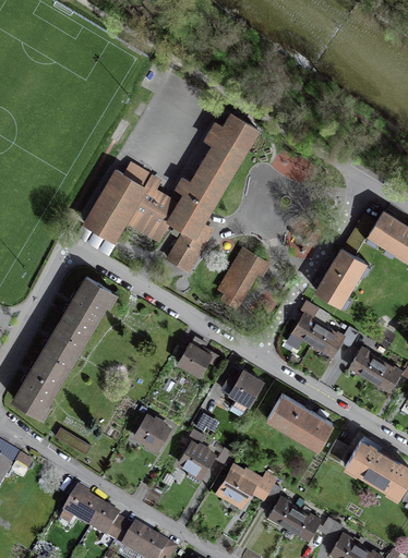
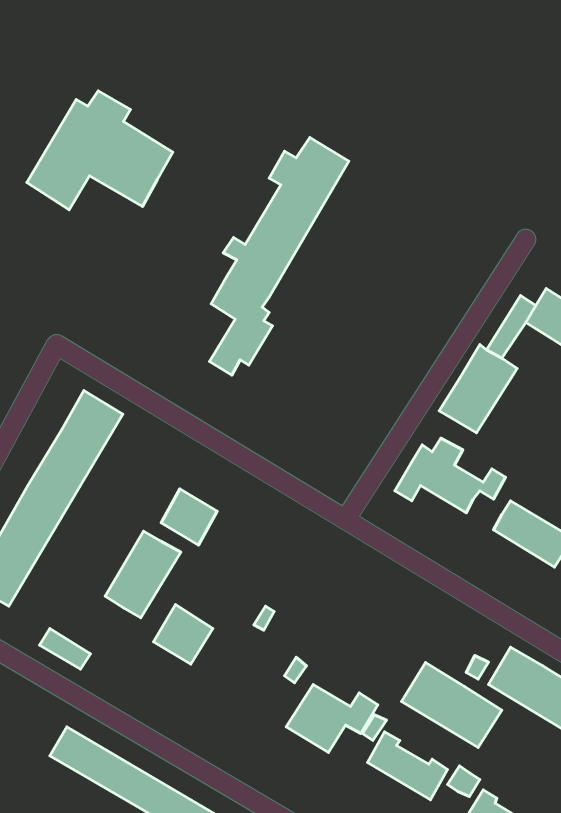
building: [84,166,178,242] -> [27,91,173,210]
building: [218,250,267,294] -> none
building: [177,342,213,378] -> [161,489,217,545]
building: none -> [105,531,181,618]
building: [221,373,260,412] -> none
building: [267,395,332,449] -> [402,663,502,748]
building: [179,445,213,484] -> none

